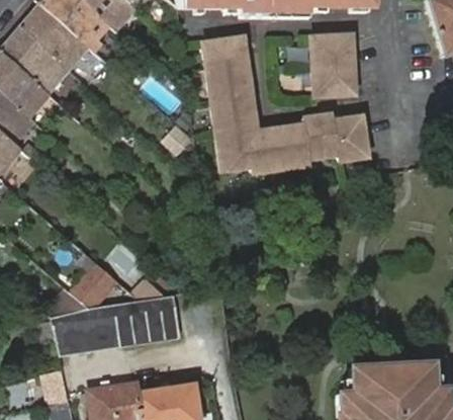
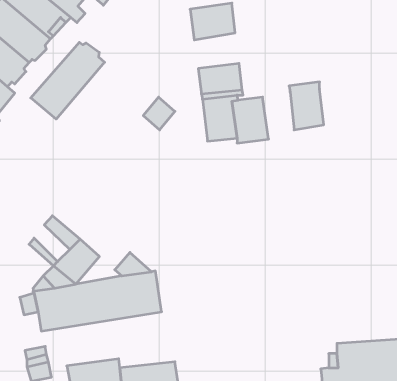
building: [309,33,356,98] -> none
building: [211,61,256,96] -> none
building: none -> [31,42,105,119]
building: [336,112,371,157] -> none
building: [279,119,311,166] -> none

